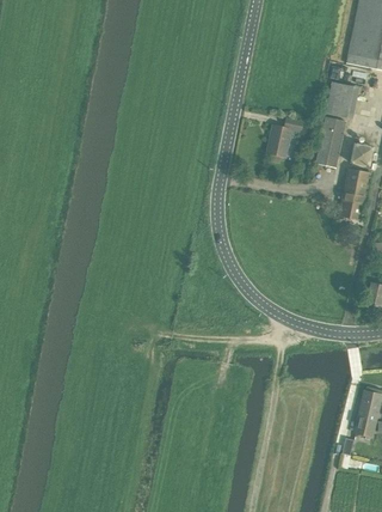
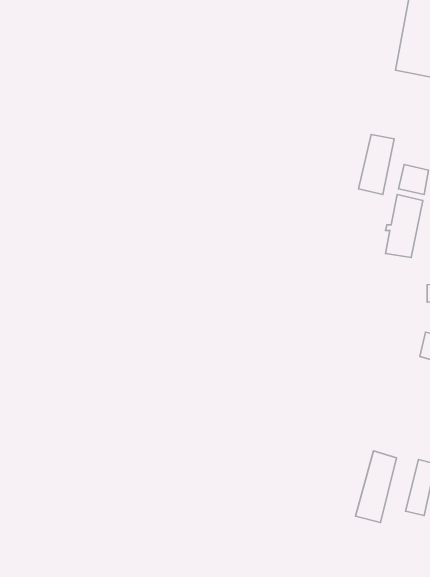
building: [324,81,358,118] -> none
building: [266,116,302,156] -> none
building: none -> [355,451,397,523]

